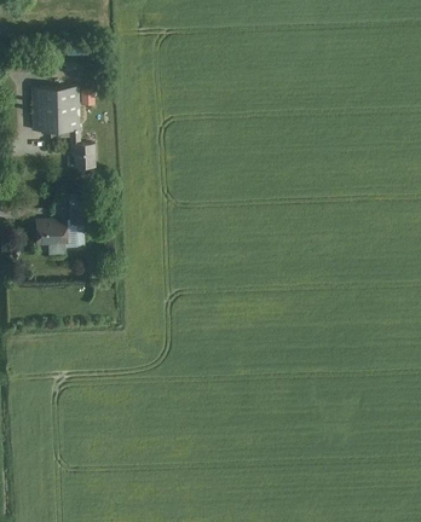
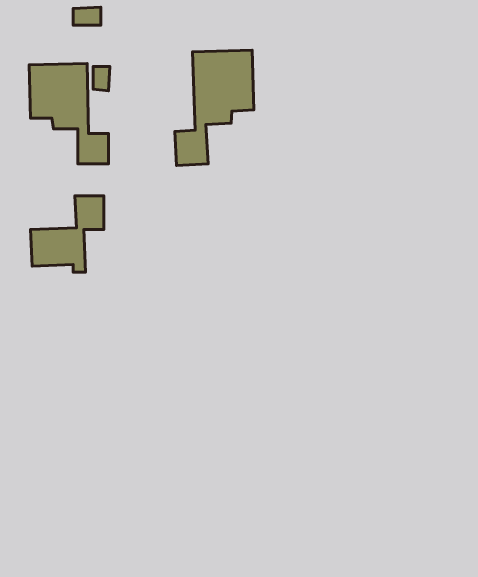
building: none -> [175,50,254,166]

